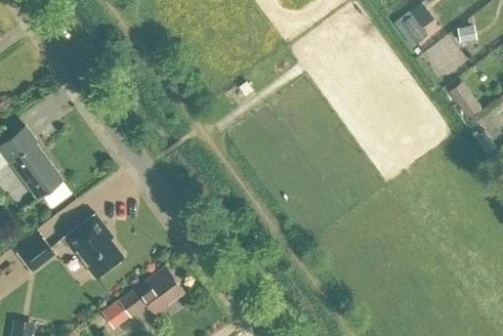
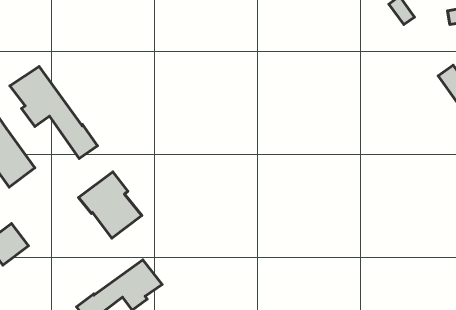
building: none -> [10,66,97,159]
building: [62,214,123,278] -> [79,172,142,238]

